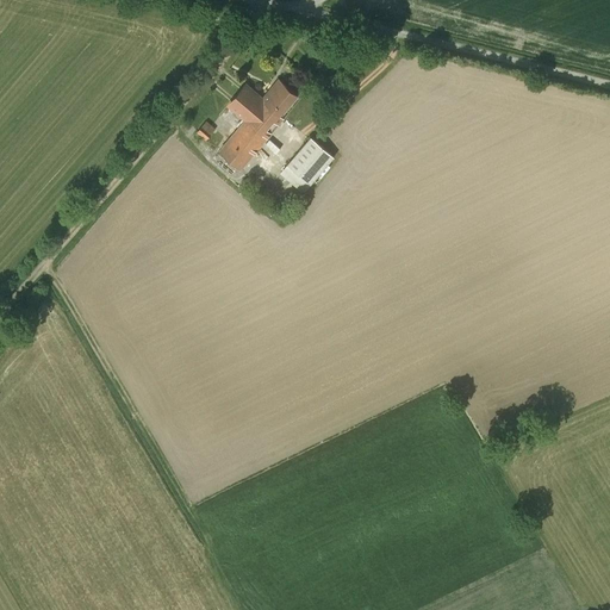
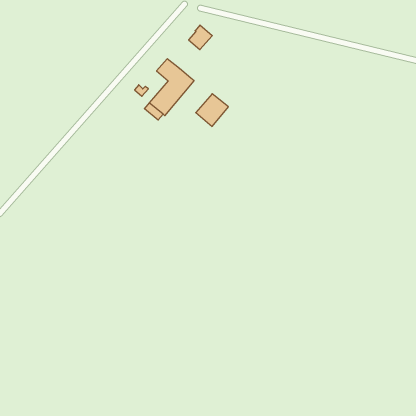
building: [262,80,297,116] -> [189,25,212,50]

